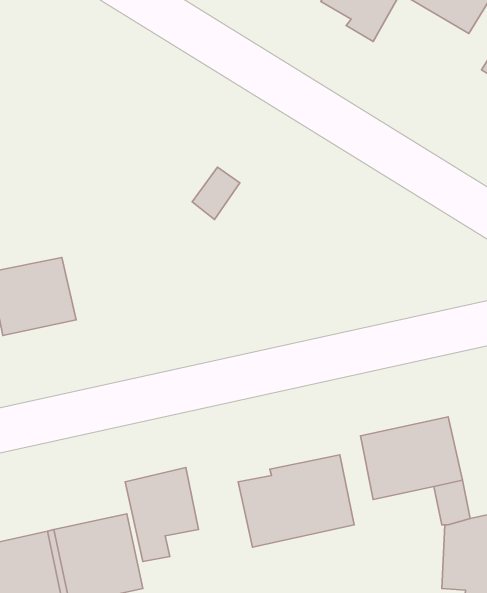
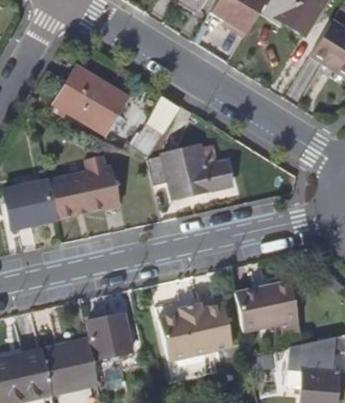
building: none -> [52,65,127,132]
building: none -> [147,144,227,196]
building: none -> [48,153,124,217]

